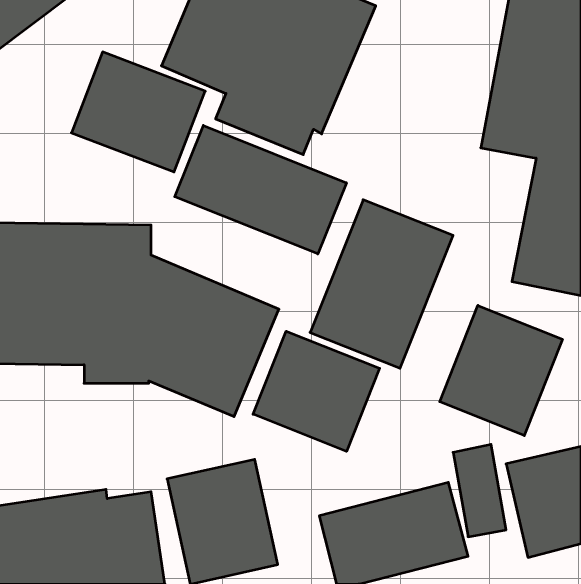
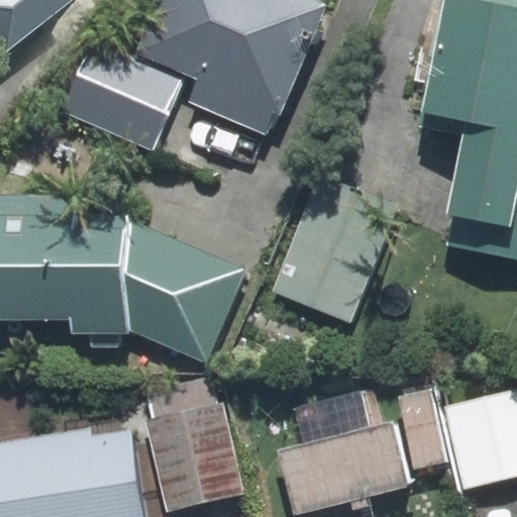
building: [175,125,346,254] -> none
building: [440,305,562,436] -> none
building: [253,331,380,451] -> none

